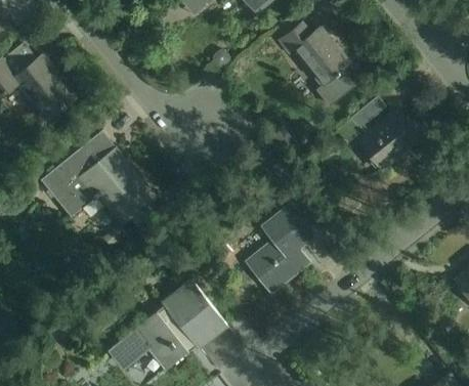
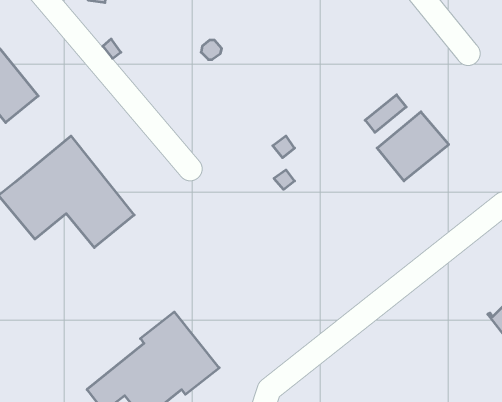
building: [279,23,353,103] -> none
building: [248,199,323,292] -> none

